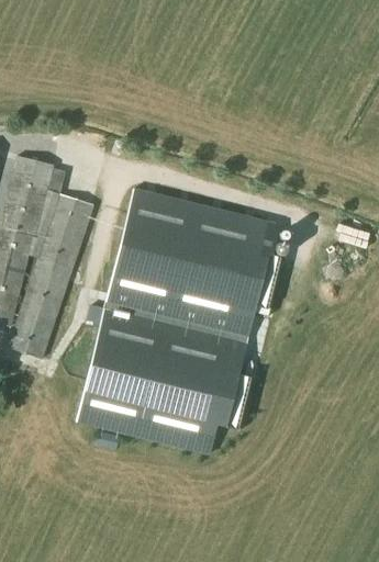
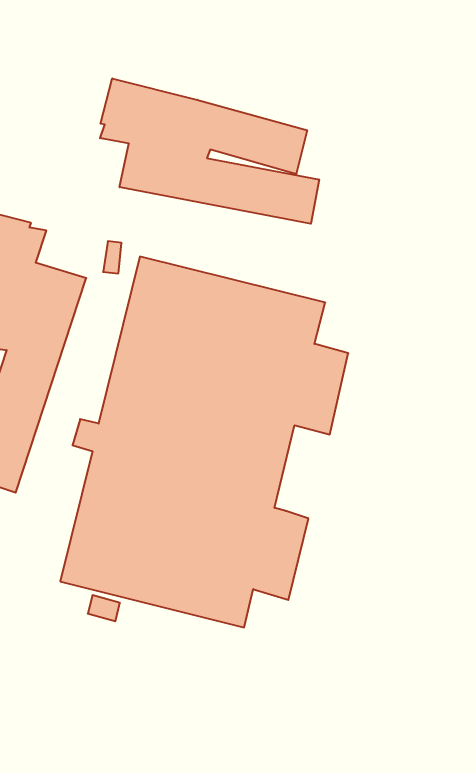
building: none -> [100,78,319,224]

